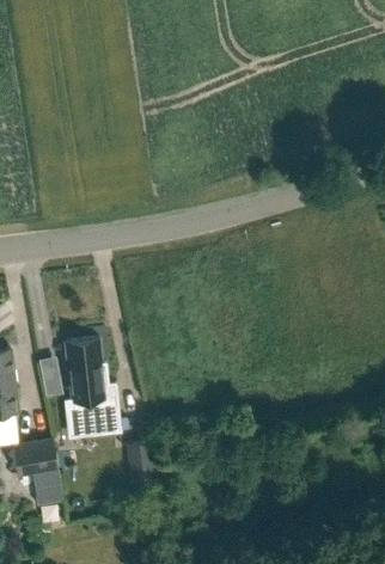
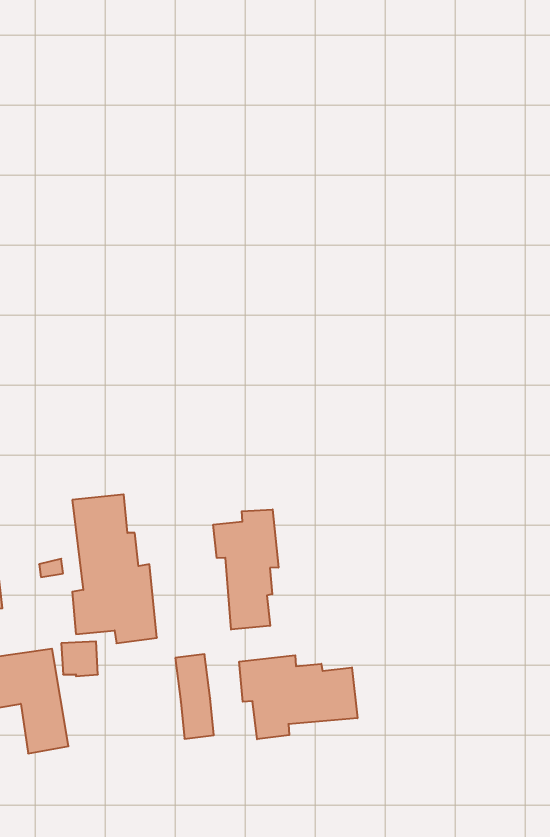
building: none -> [213,509,278,630]
building: none -> [239,655,357,739]

